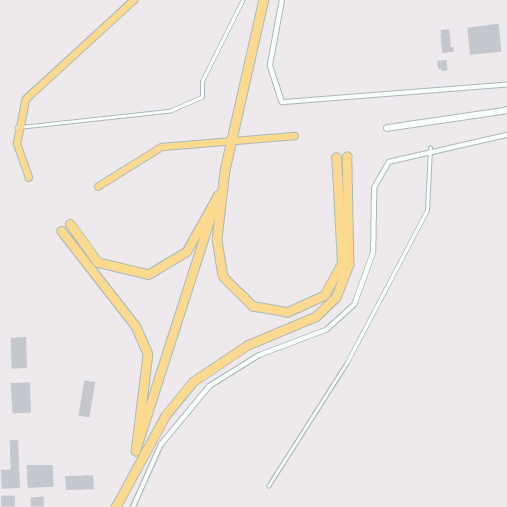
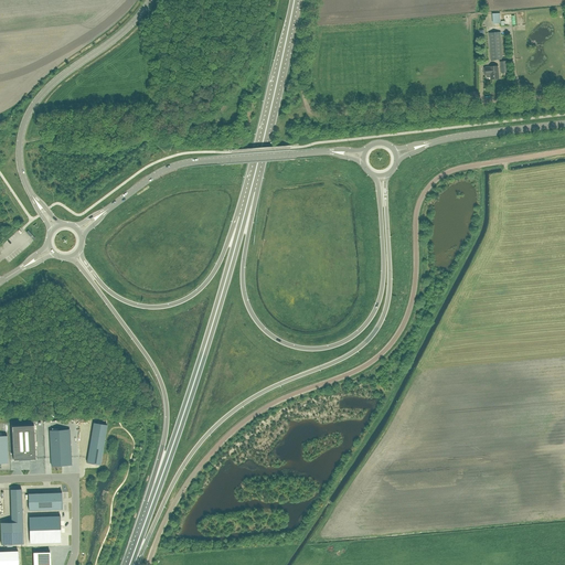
building: [467,23,502,55] -> none
building: [10,337,28,369] -> [50,429,70,466]
building: [64,475,95,491] -> [28,492,62,510]

